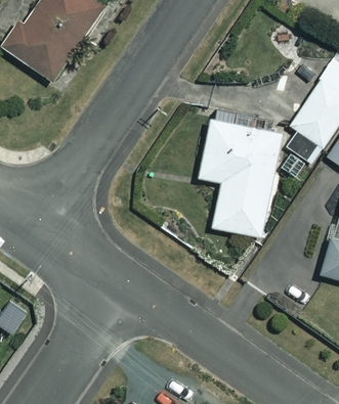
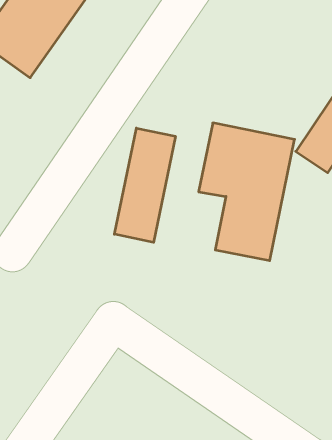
building: none -> [114,128,175,242]

